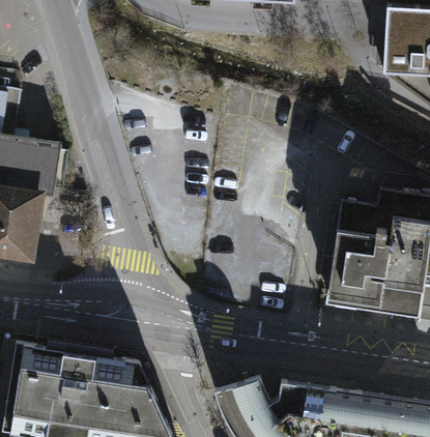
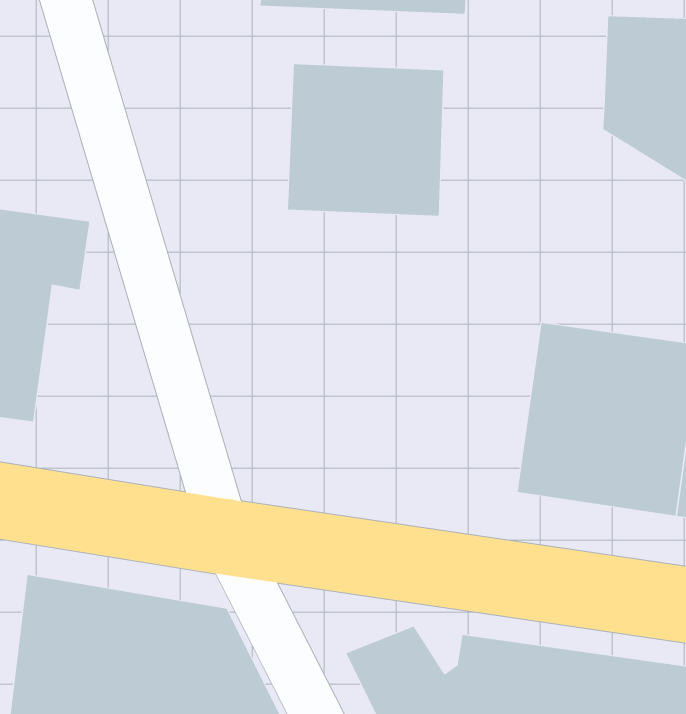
building: none -> [287,64,444,217]

